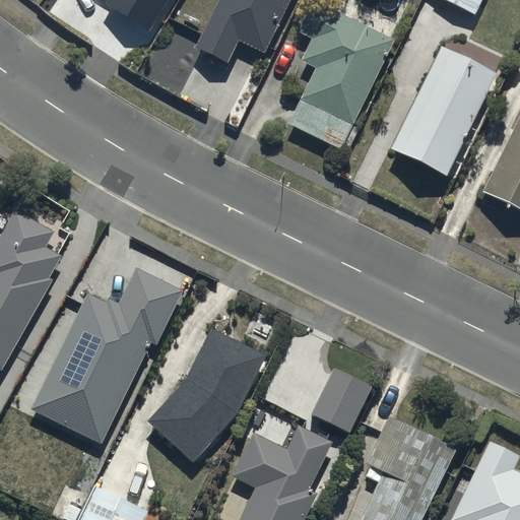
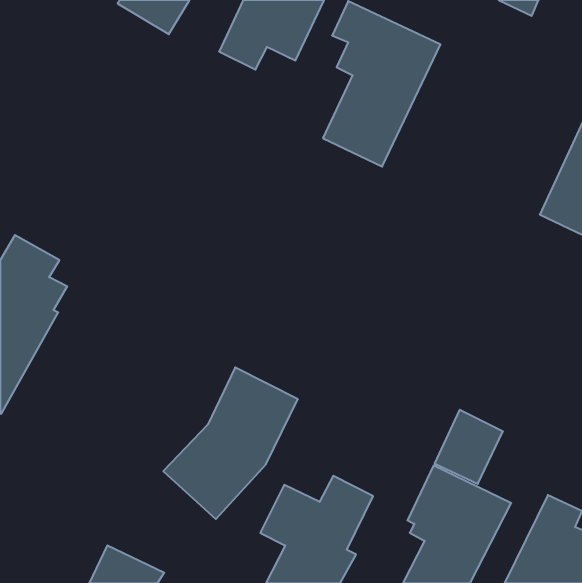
building: [390,44,498,176] -> none
building: [31,268,181,443] -> none
building: [311,366,372,432] -> [435,410,503,484]

